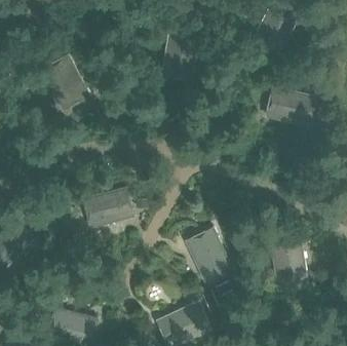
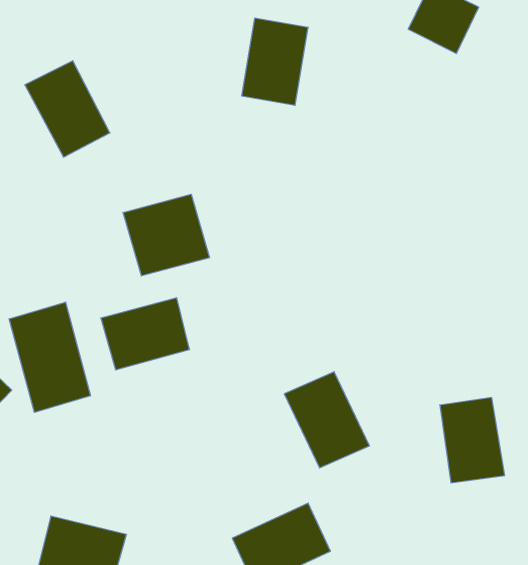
building: [266,87,314,126] -> none
building: none -> [123,194,210,276]
building: none -> [9,302,91,412]

